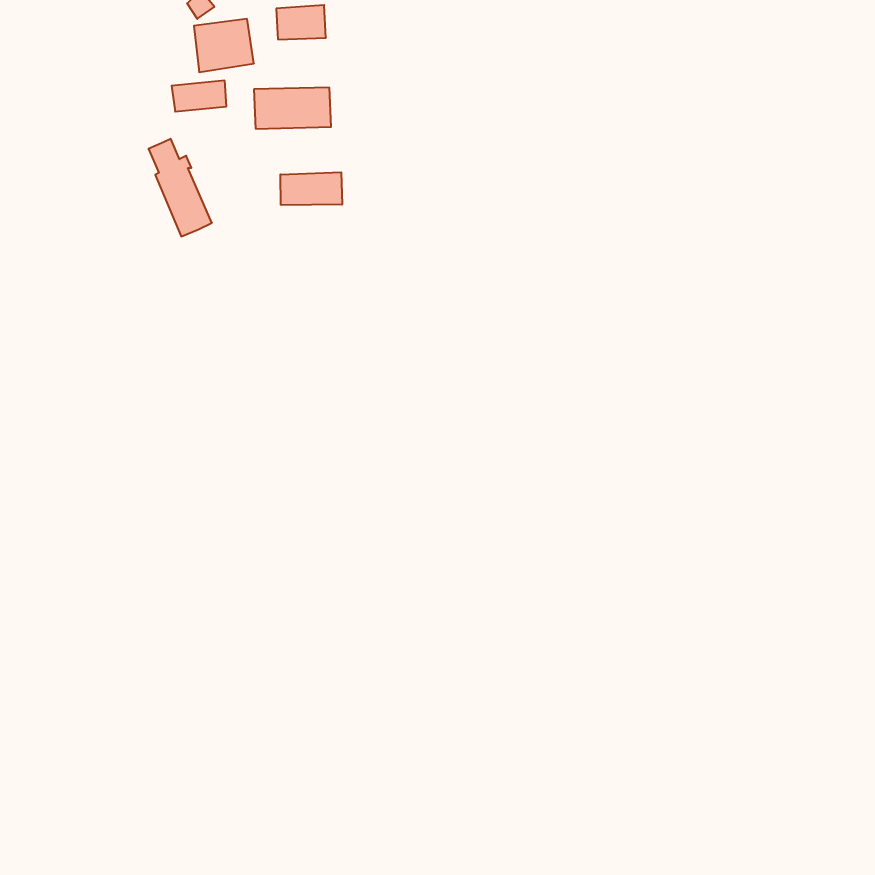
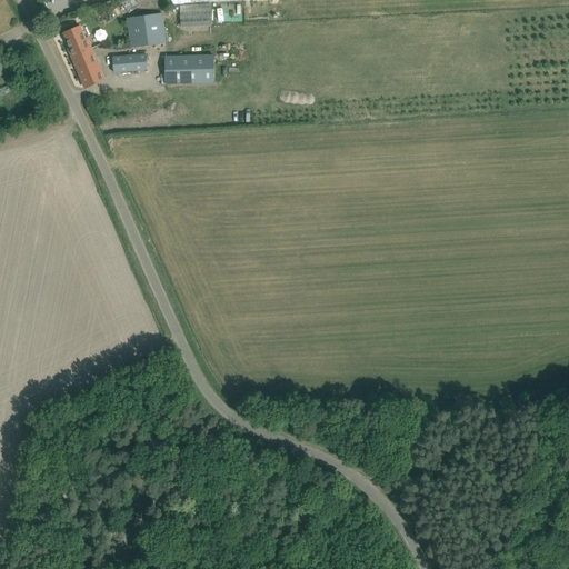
building: [148,139,212,236] -> [63,24,104,88]
building: [280,172,342,205] -> none

